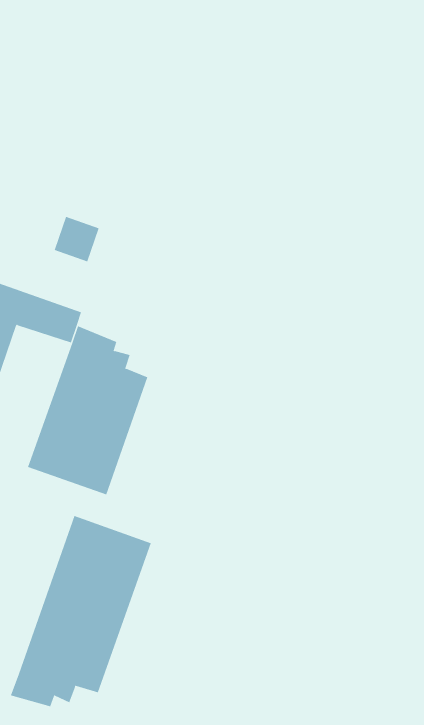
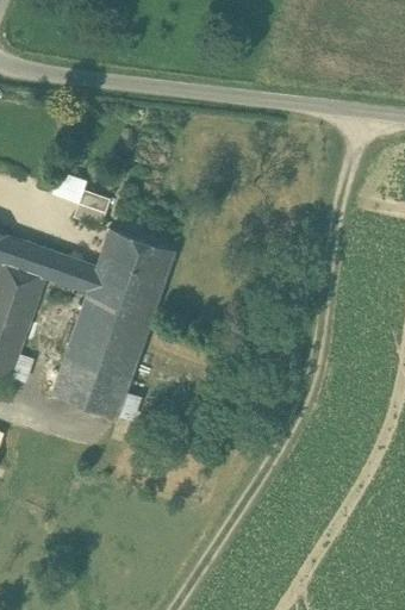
building: none -> [93,229,174,320]
building: [10,515,152,707] -> none

